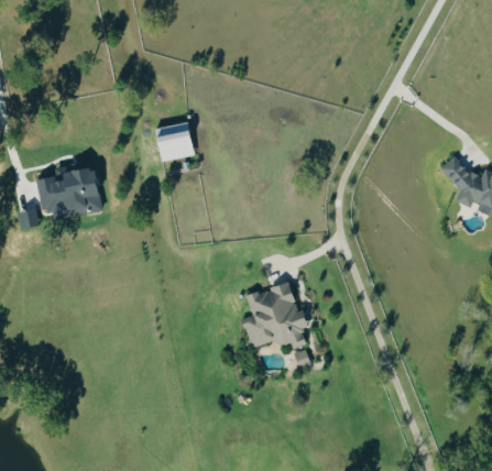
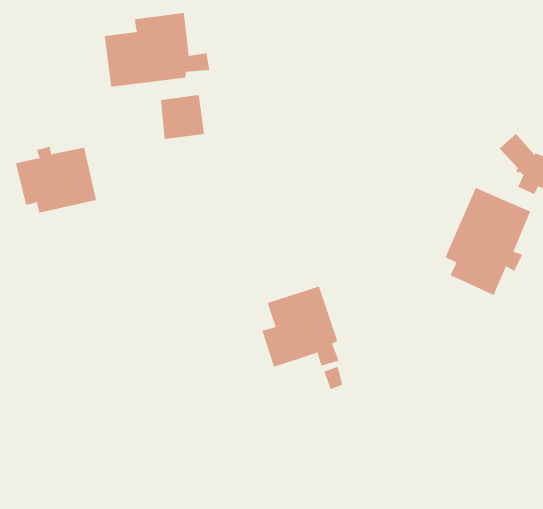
building: none -> [104,12,210,88]
building: none -> [445,187,531,296]

